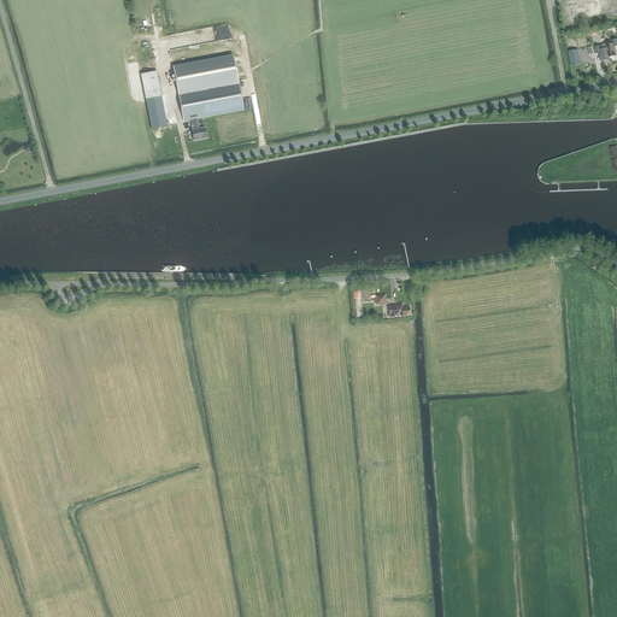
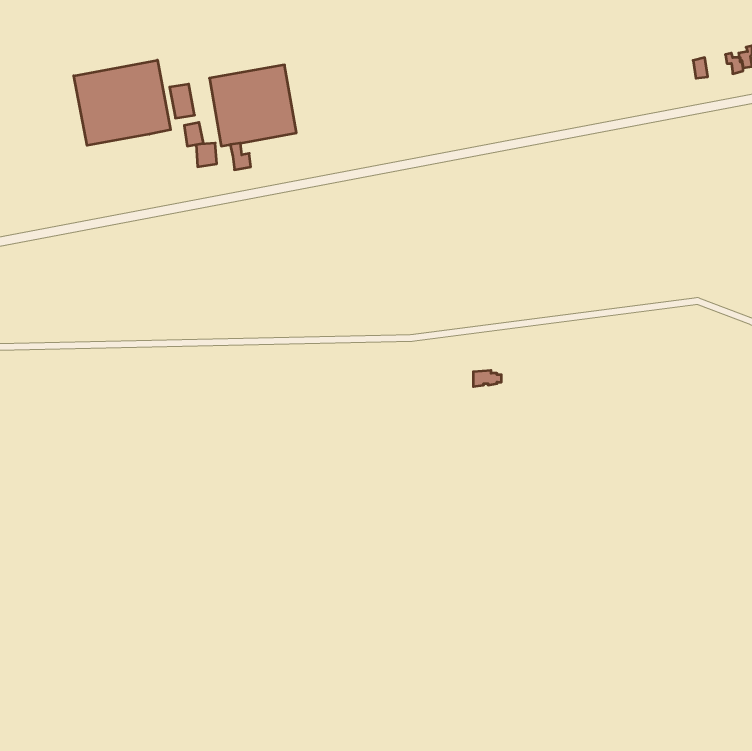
building: none -> [74,60,171,145]

